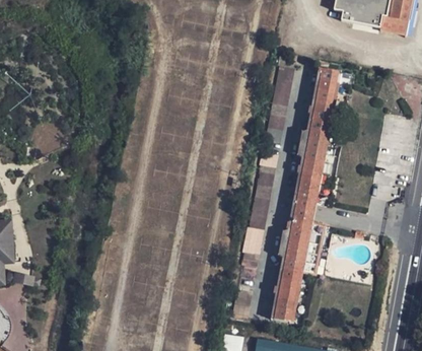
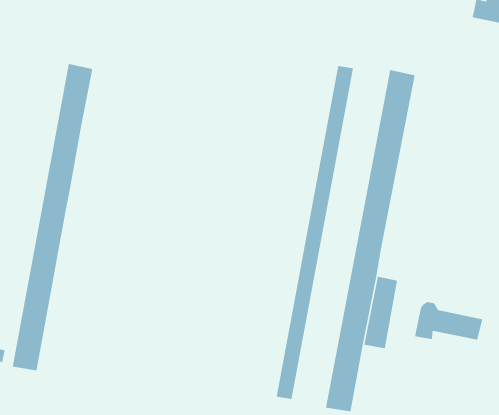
building: none -> [12,63,93,371]
building: none -> [415,301,483,341]

